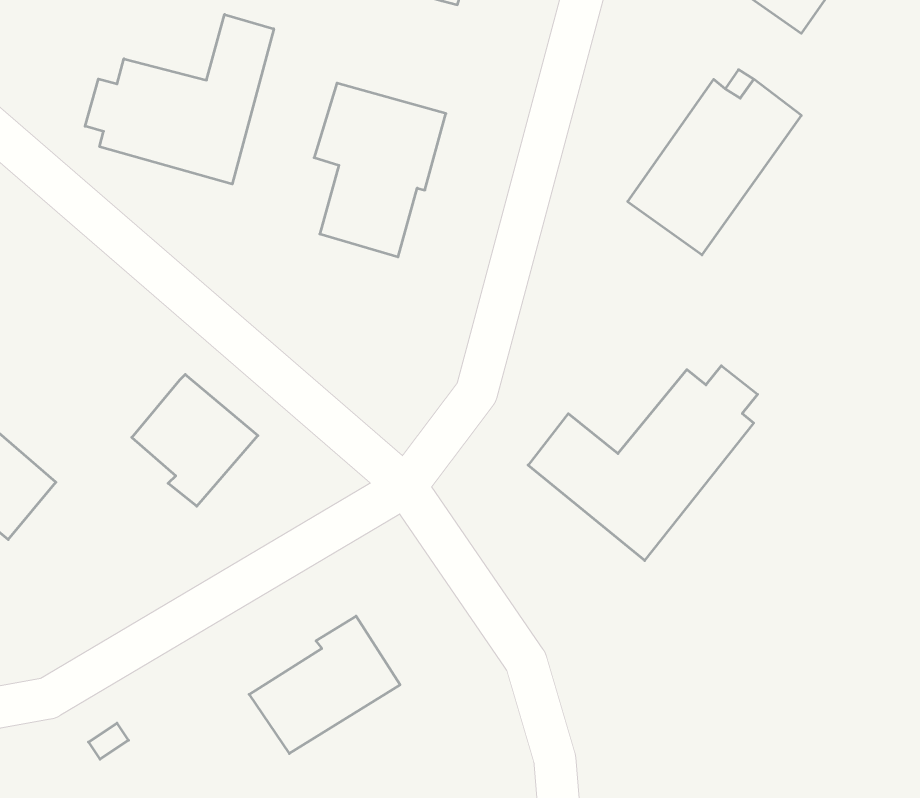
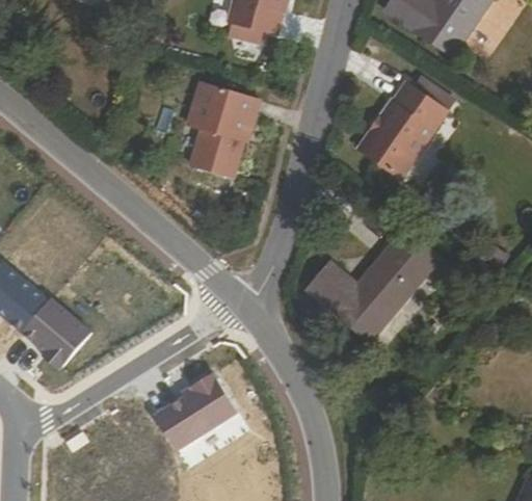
building: [85,14,274,184] -> none
building: [132,374,258,506] -> [22,298,90,370]

